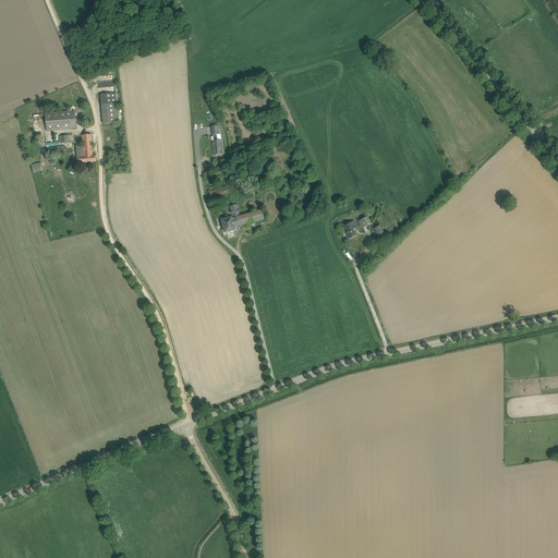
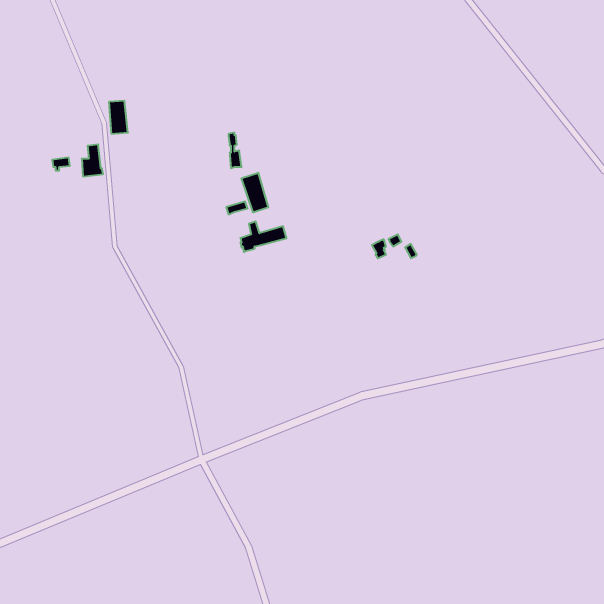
building: [45,110,75,130] -> none
building: none -> [242,173,268,212]

